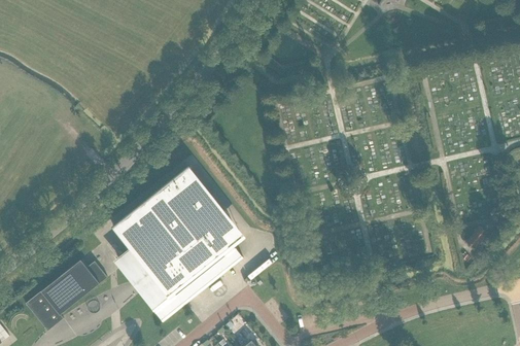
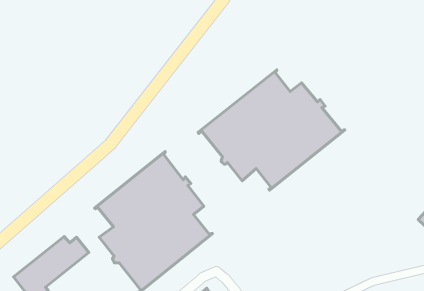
building: none -> [198,70,345,190]

